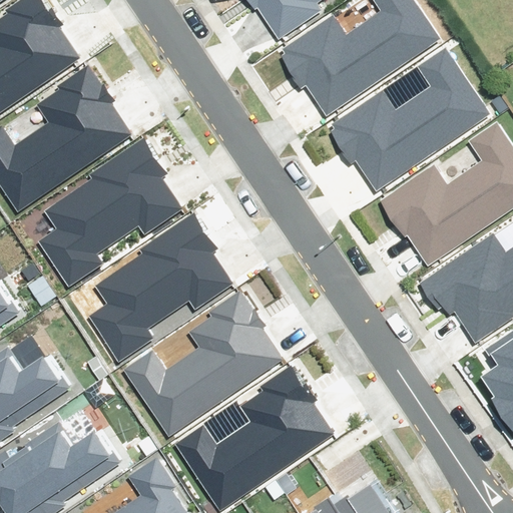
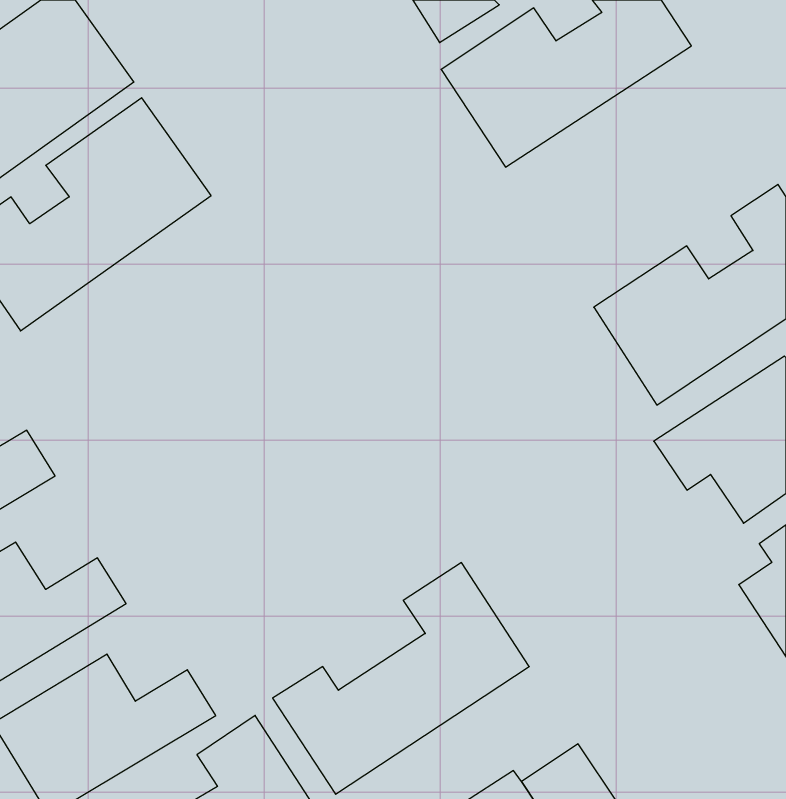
building: [324,41,483,182] -> none
building: [32,139,181,286] -> none
building: [88,217,236,365] -> none
building: [125,291,289,438] -> none

